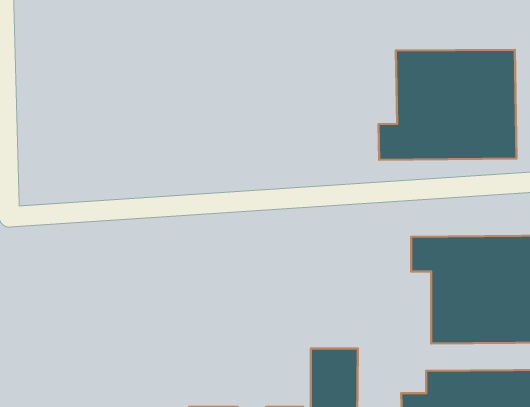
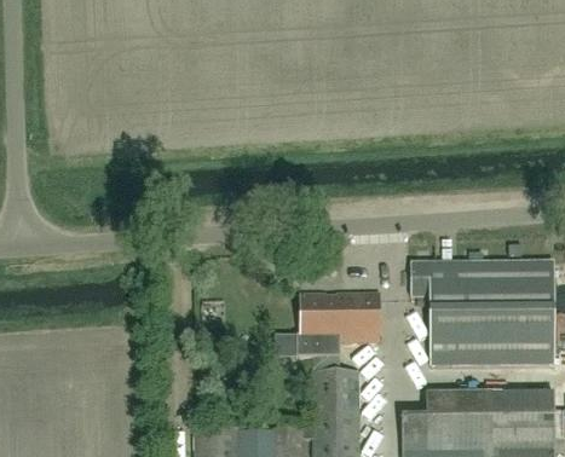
building: [379,50,517,160] -> none
building: none -> [296,291,381,355]

